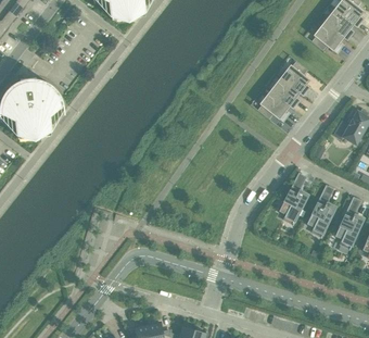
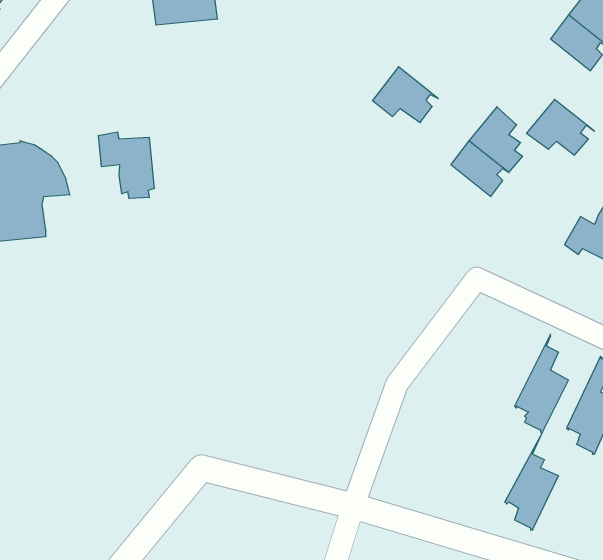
building: [310,23,347,53] -> [527,99,594,155]
building: none -> [98,132,154,199]
building: [257,91,293,122] -> [372,67,438,123]
building: [278,172,307,225] -> [505,432,559,530]

